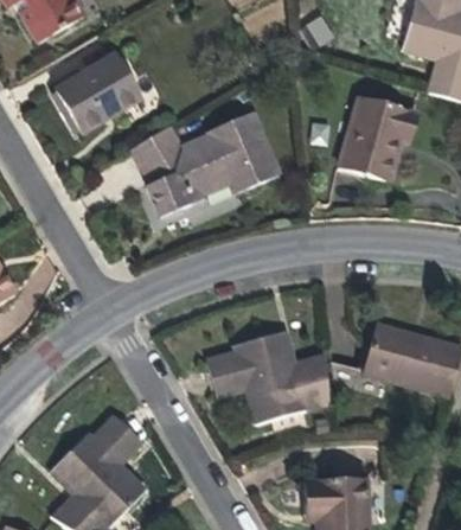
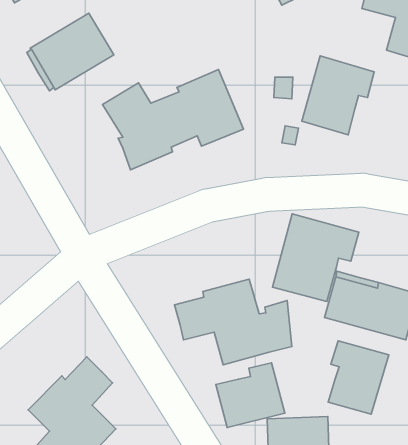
building: none -> [272,214,359,302]
building: none -> [328,341,389,414]
building: none -> [216,363,285,427]

